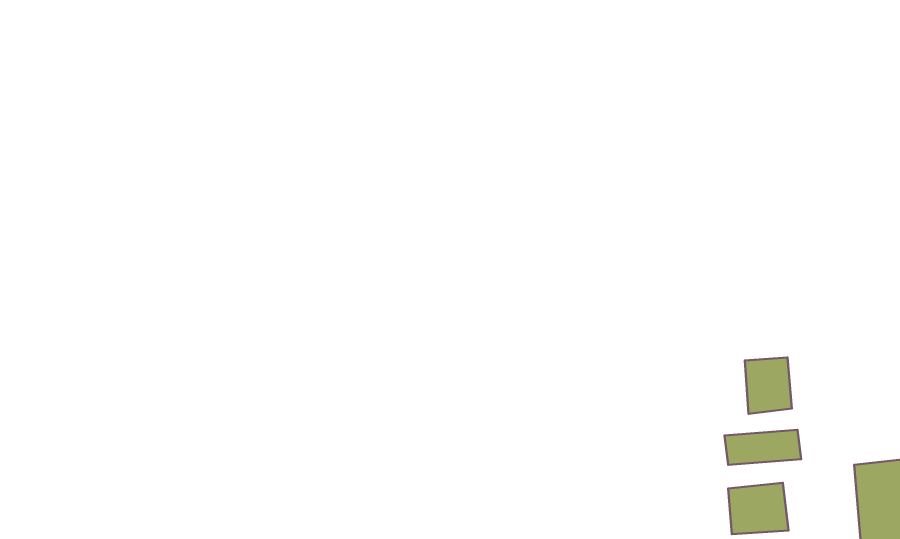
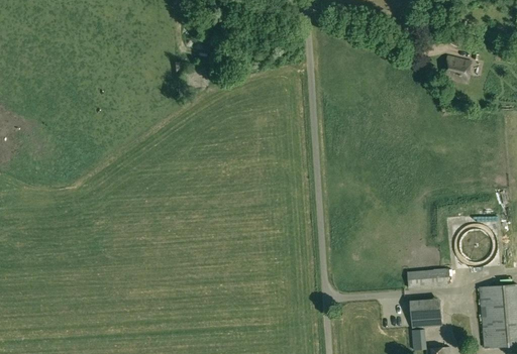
building: none -> [443,55,472,82]
building: [745,357,792,414] -> none

